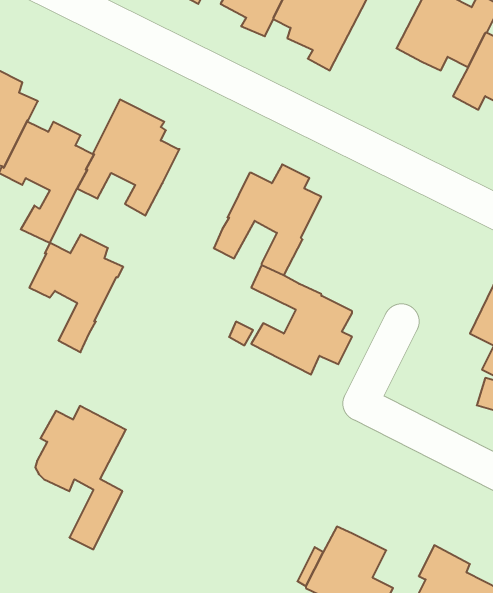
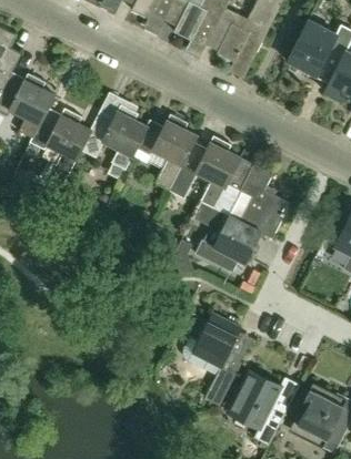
building: none -> [214,157,289,238]
building: [29,234,123,352] -> [136,114,197,191]
building: [35,406,126,549] -> [182,313,241,406]

